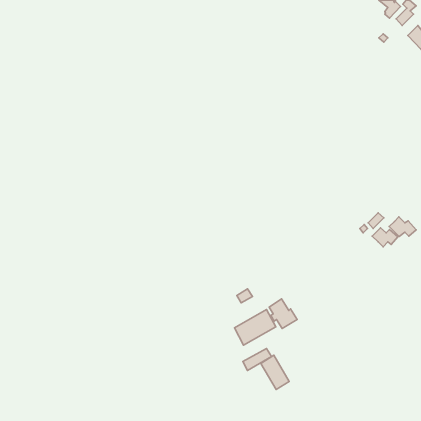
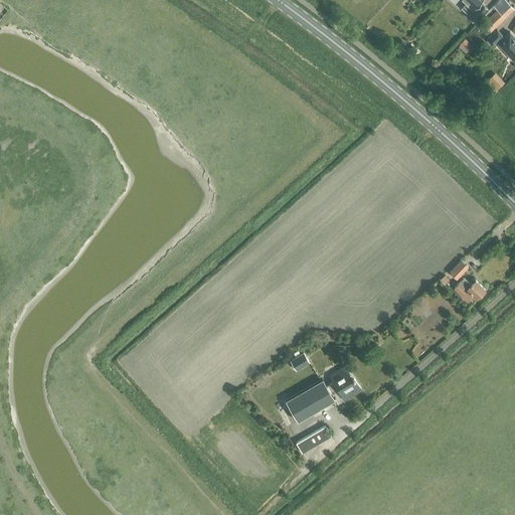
building: [389,217,416,237] -> none
building: [261,355,289,390] -> none

